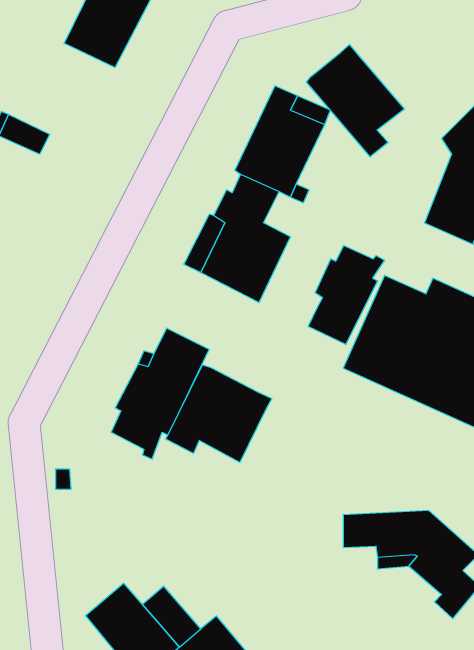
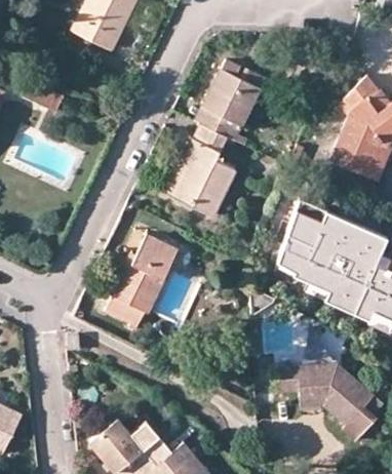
building: [306,44,404,157] -> none
building: [308,245,384,345] -> none
building: [166,365,272,462] -> none

